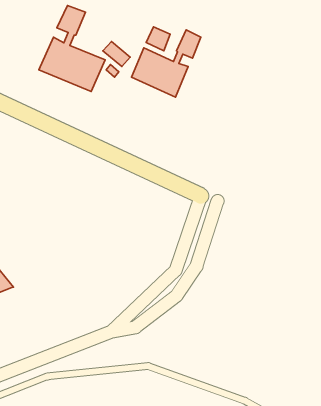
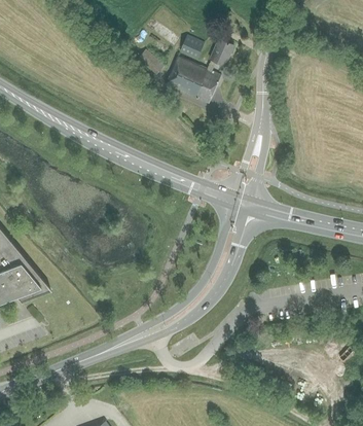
building: [39,5,105,92] -> none

